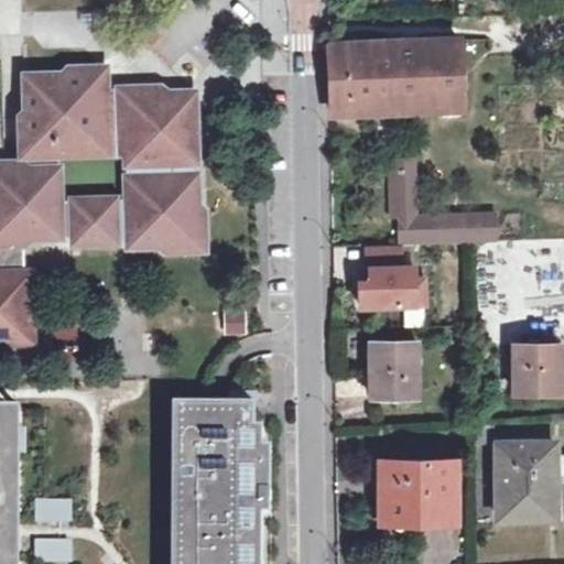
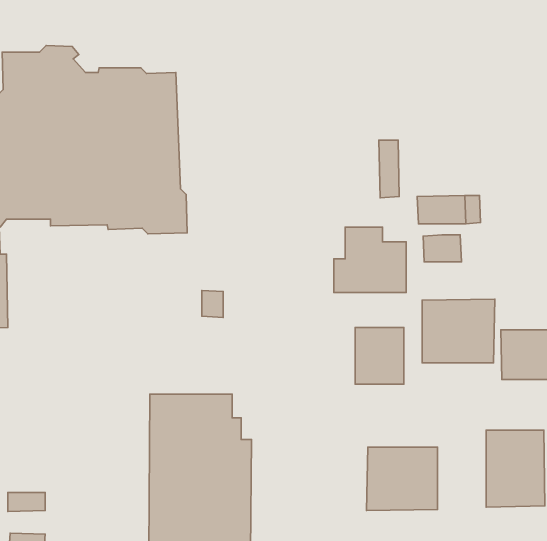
building: [322,32,464,117] -> none
building: [397,216,434,242] -> [423,235,461,262]
building: none -> [422,299,495,363]

